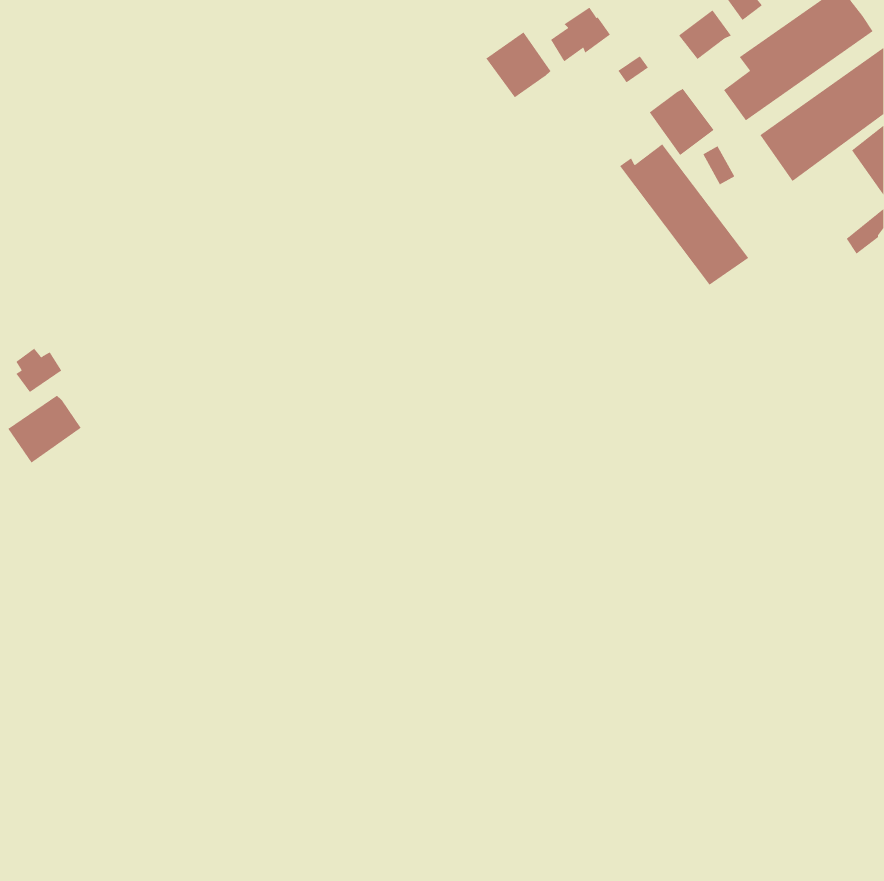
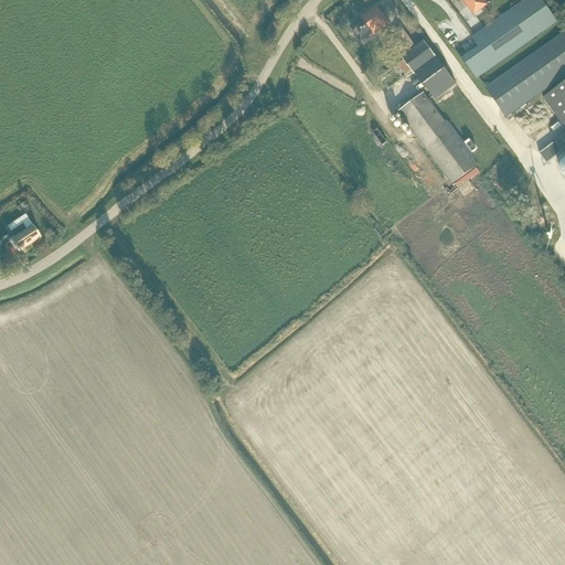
building: [678,10,732,60] -> [402,40,436,72]
building: [486,32,551,98] -> none
building: [8,395,81,464] -> none

